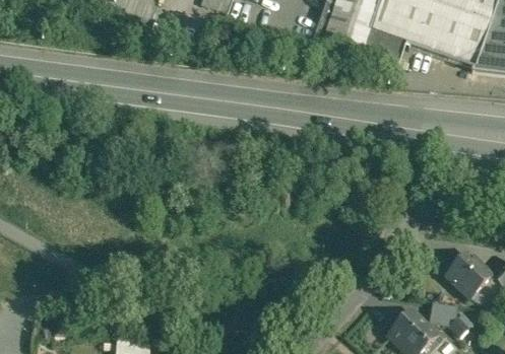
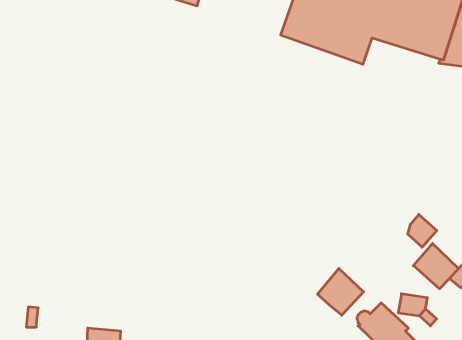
building: none -> [408,214,437,247]
building: none -> [318,268,364,315]

